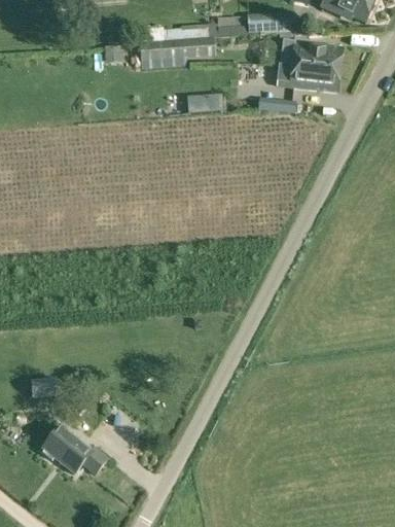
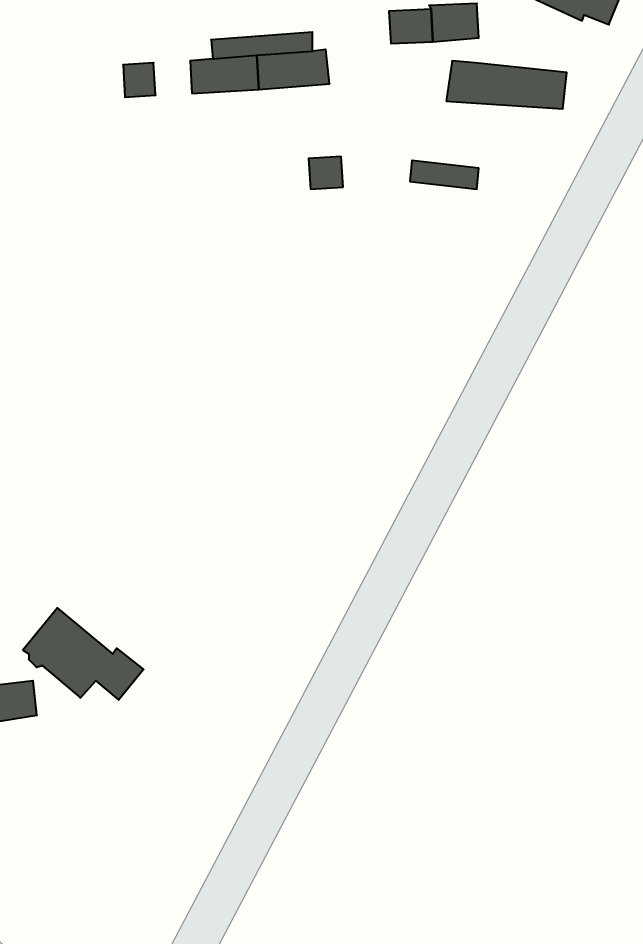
building: [217,15,248,35] -> none
building: [289,65,340,92] -> none
building: [42,425,107,475] -> [23,608,144,700]

